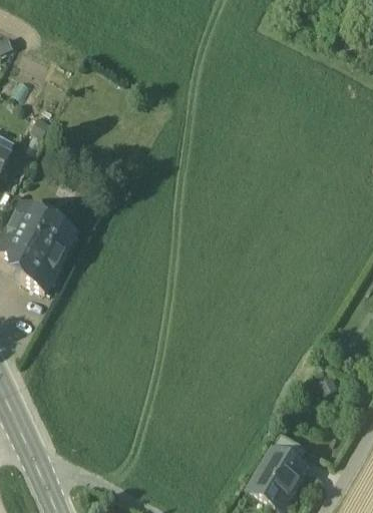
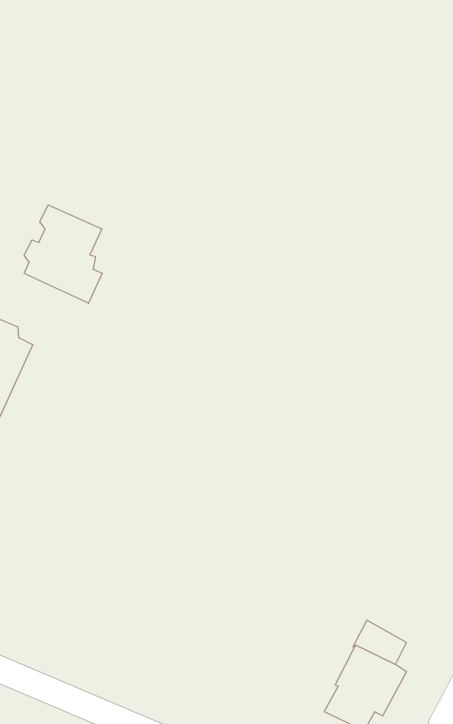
building: none -> [24,205,102,303]

